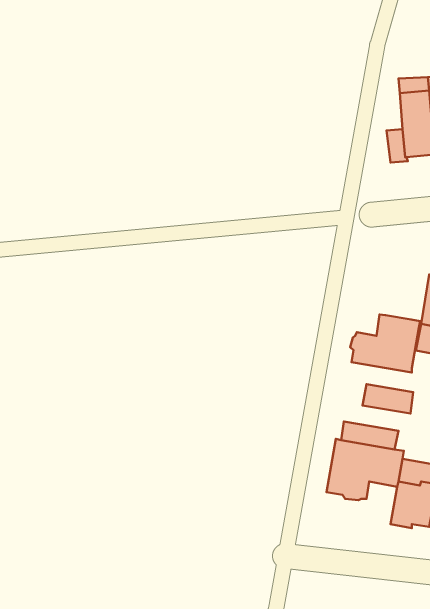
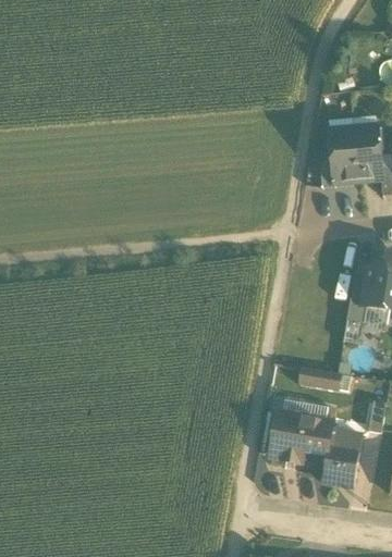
building: [350,314,420,372] -> none

